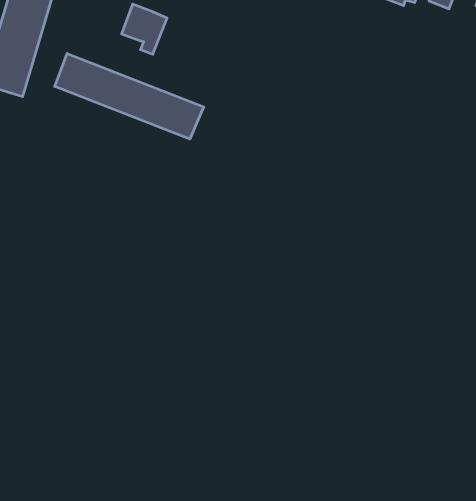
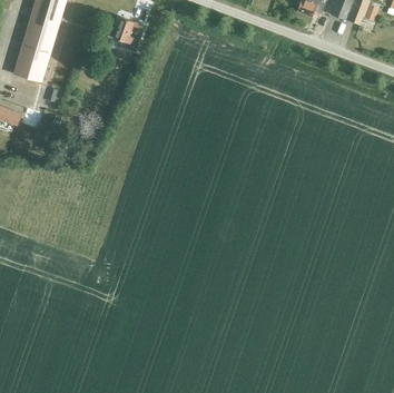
building: [55,53,204,139] -> none

